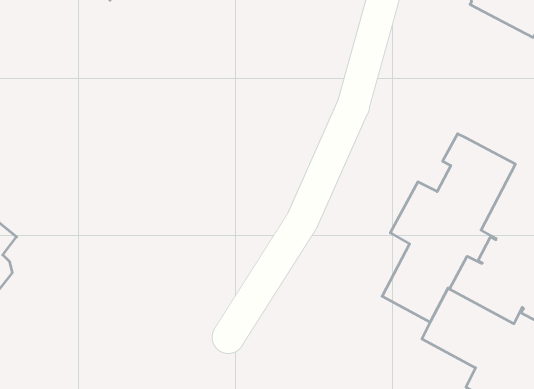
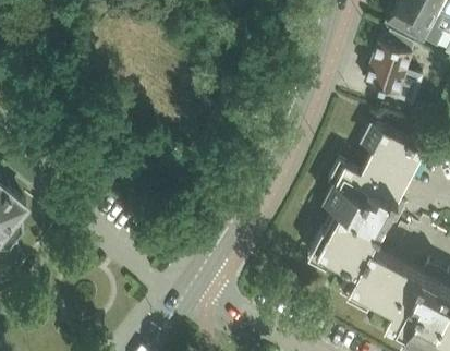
building: none -> [364,28,422,105]

